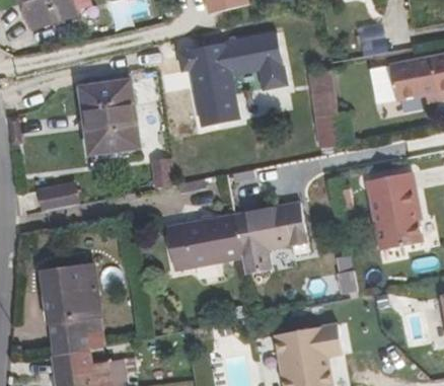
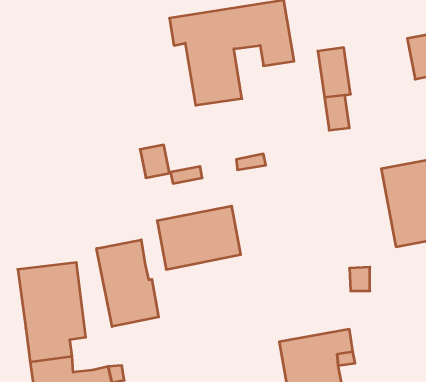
building: [79,80,139,154] -> none
building: [38,183,78,212] -> none
building: [232,203,307,275] -> none
building: none -> [97,240,159,327]

